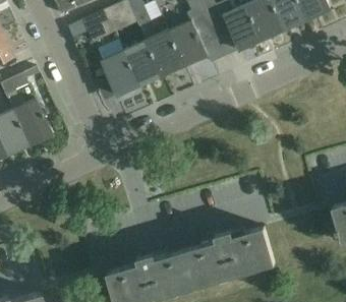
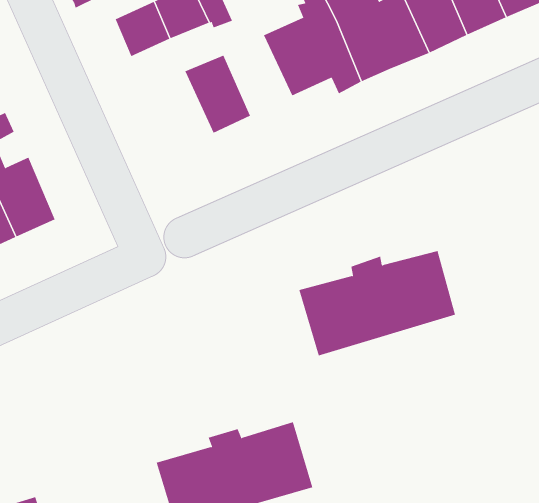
building: [146,29,184,75] -> none
building: [102,50,139,95] -> none
building: [185,227,275,287] -> [298,251,456,356]

